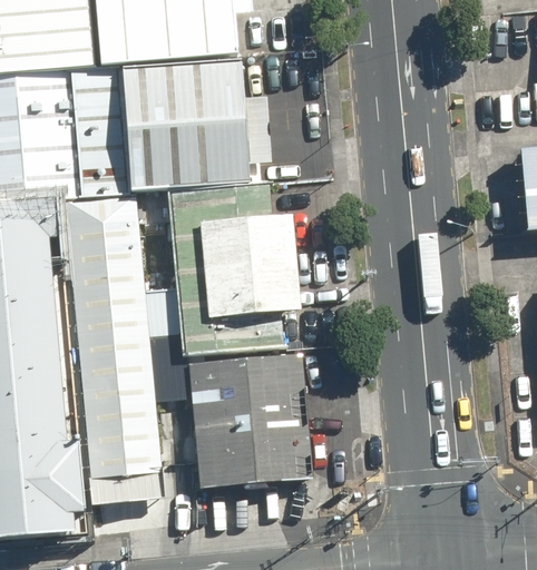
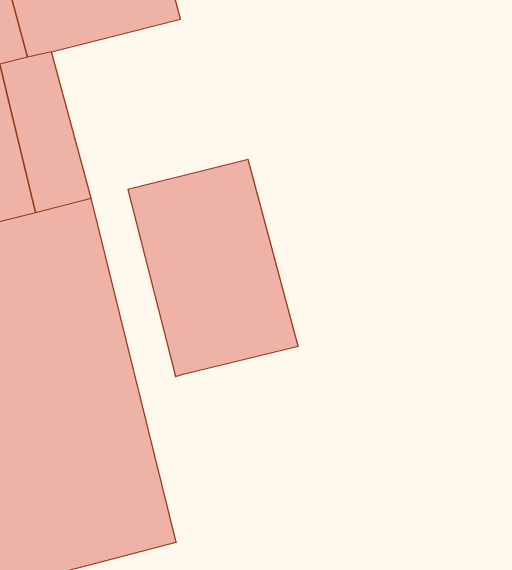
building: [121,52,248,191] -> none
building: [191,352,311,487] -> none

